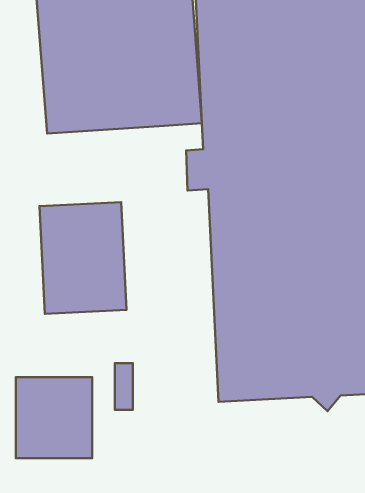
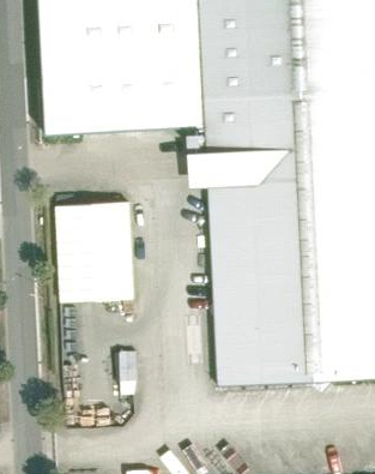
building: [16,377,92,458] -> none

